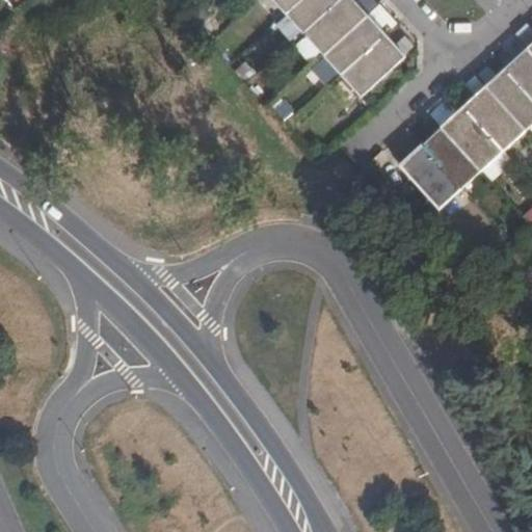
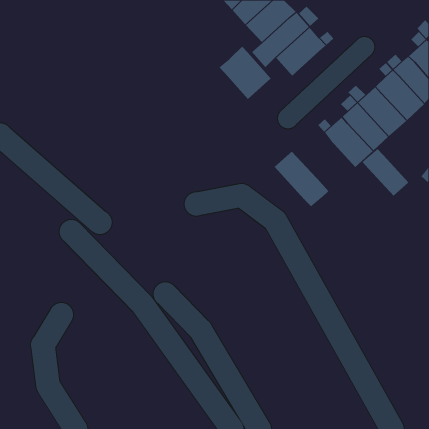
building: none -> [219,46,272,100]
building: none -> [362,148,409,196]
building: none -> [274,151,329,207]

